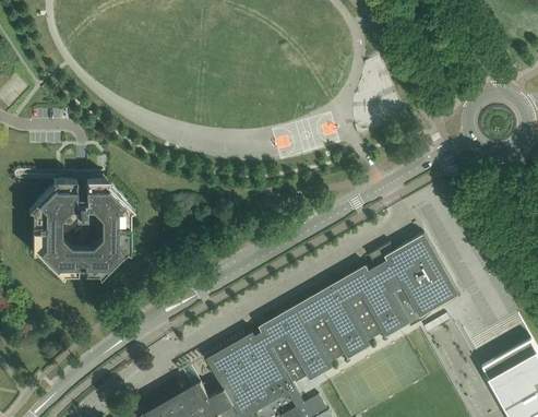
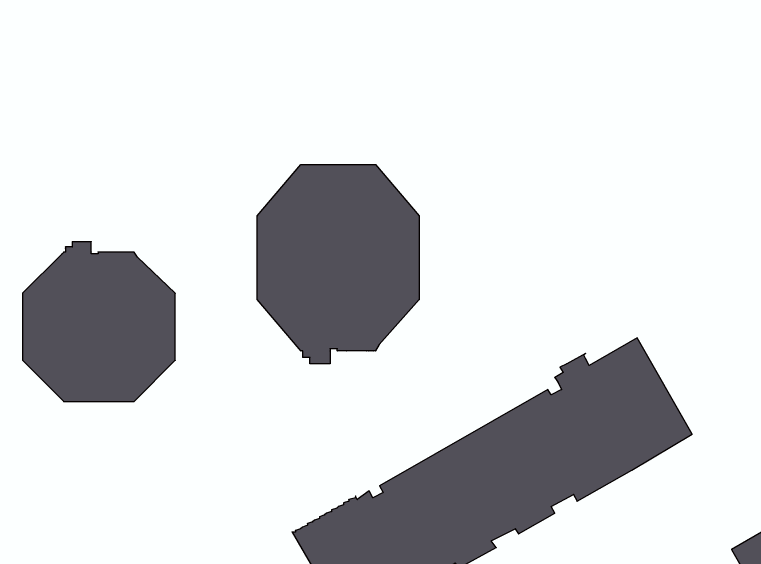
building: none -> [257,165,419,364]

